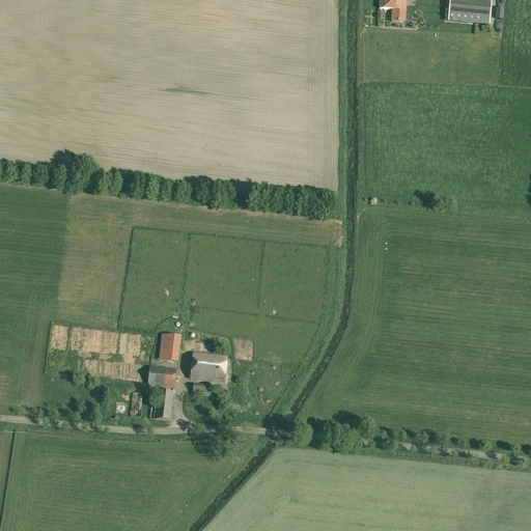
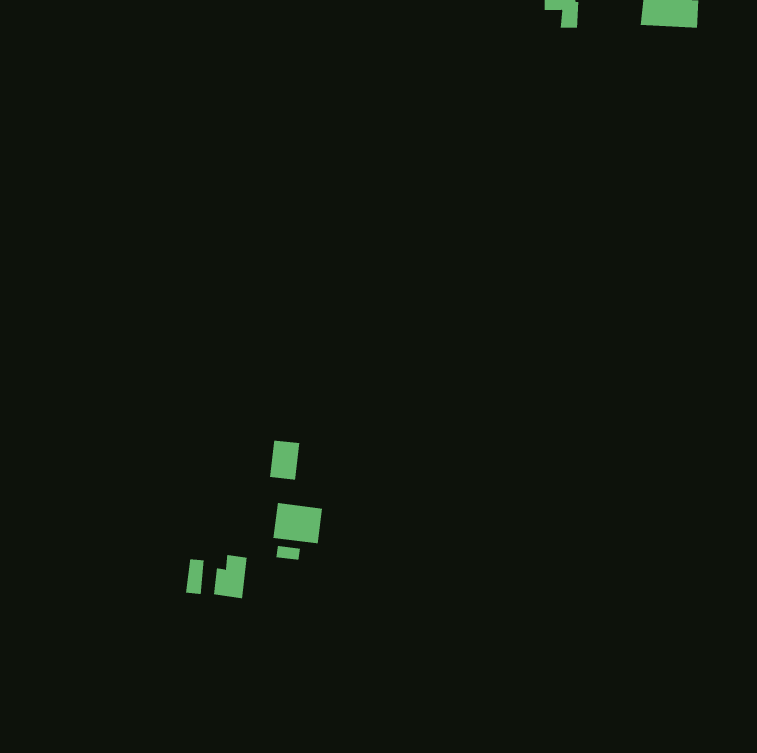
building: [160,333,181,361] -> [269,440,300,480]
building: [147,365,176,386] -> none

